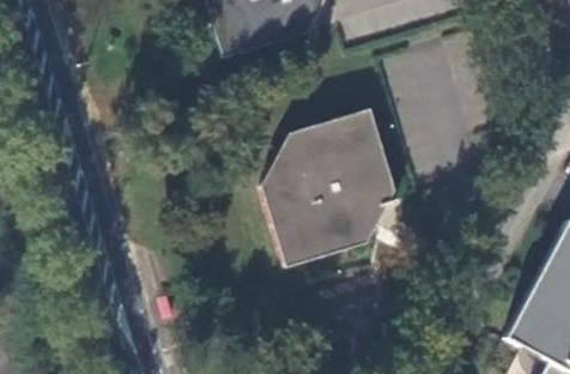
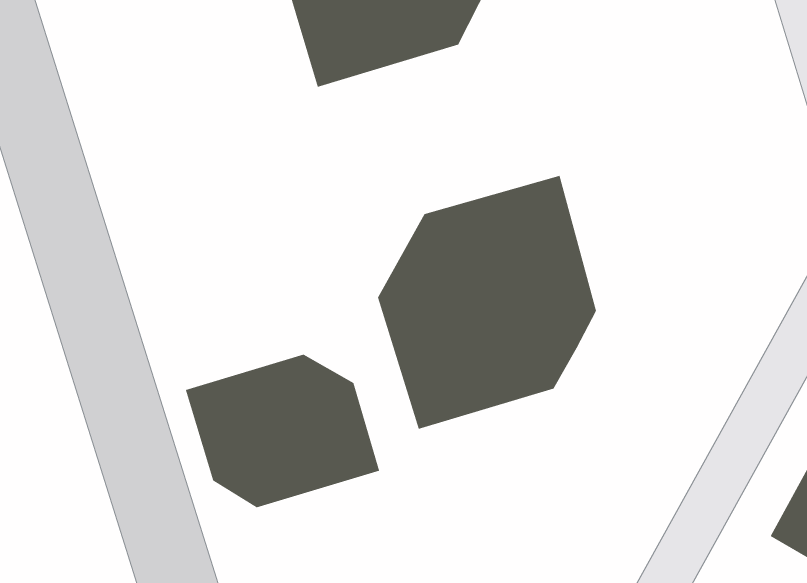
building: none -> [185,354,380,508]

